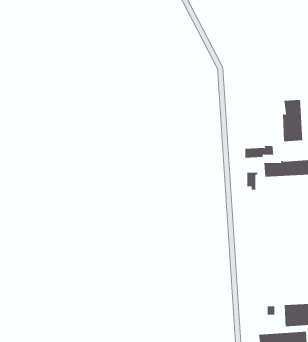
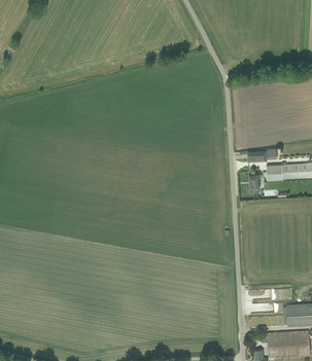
building: [283,99,303,142] -> none

